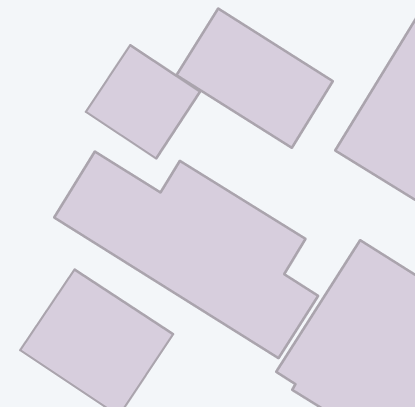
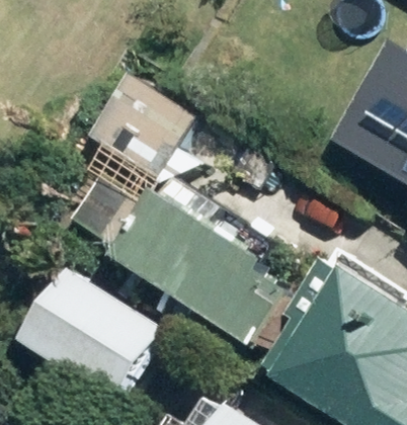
building: [176,8,333,148] -> none

